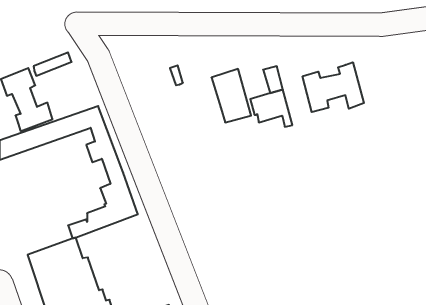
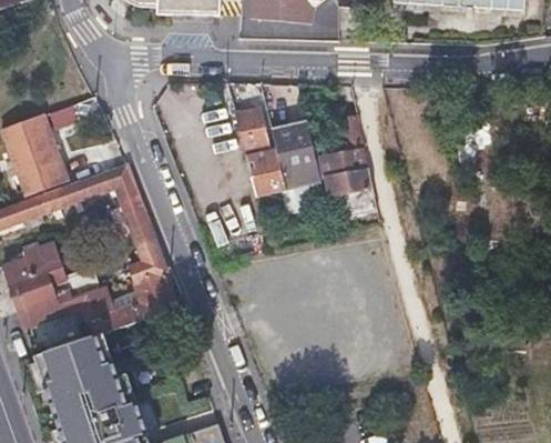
building: none -> [232,101,289,195]
building: [303,62,364,112] -> none
building: none -> [7,244,111,325]

